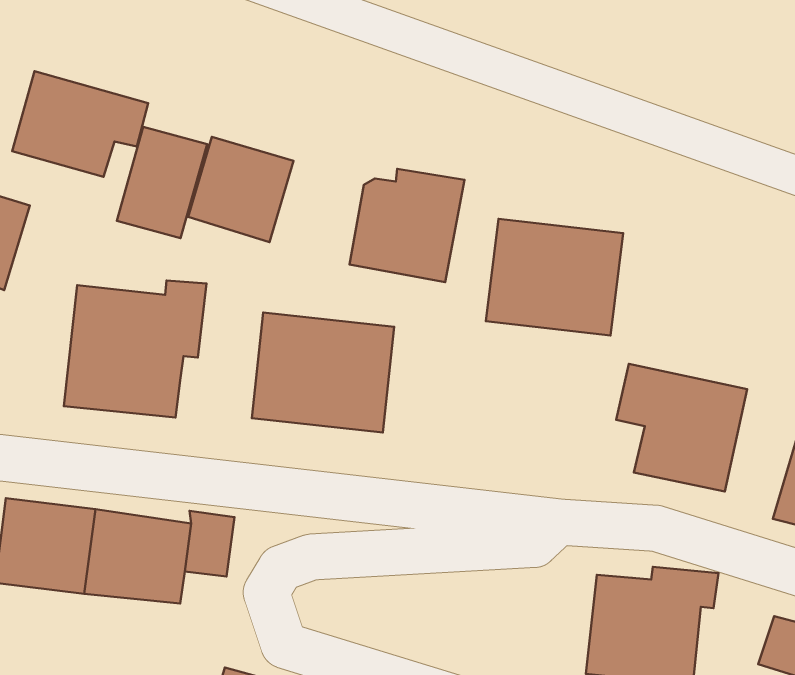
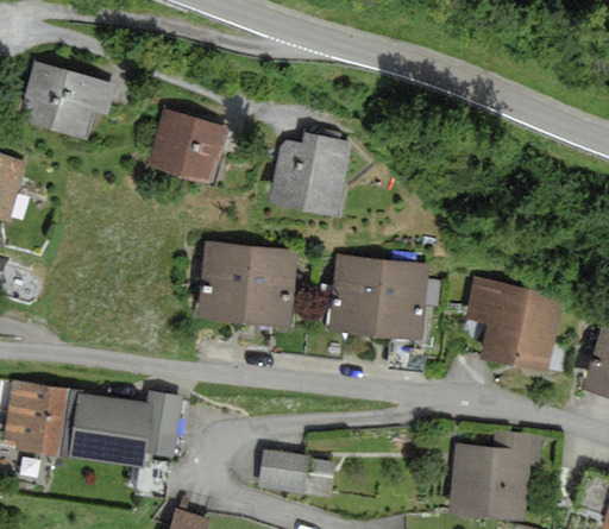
building: [117,127,207,238] -> none
building: [486,219,623,335] -> [327,257,429,344]
building: [64,280,206,417] -> none
building: none -> [257,447,337,495]

